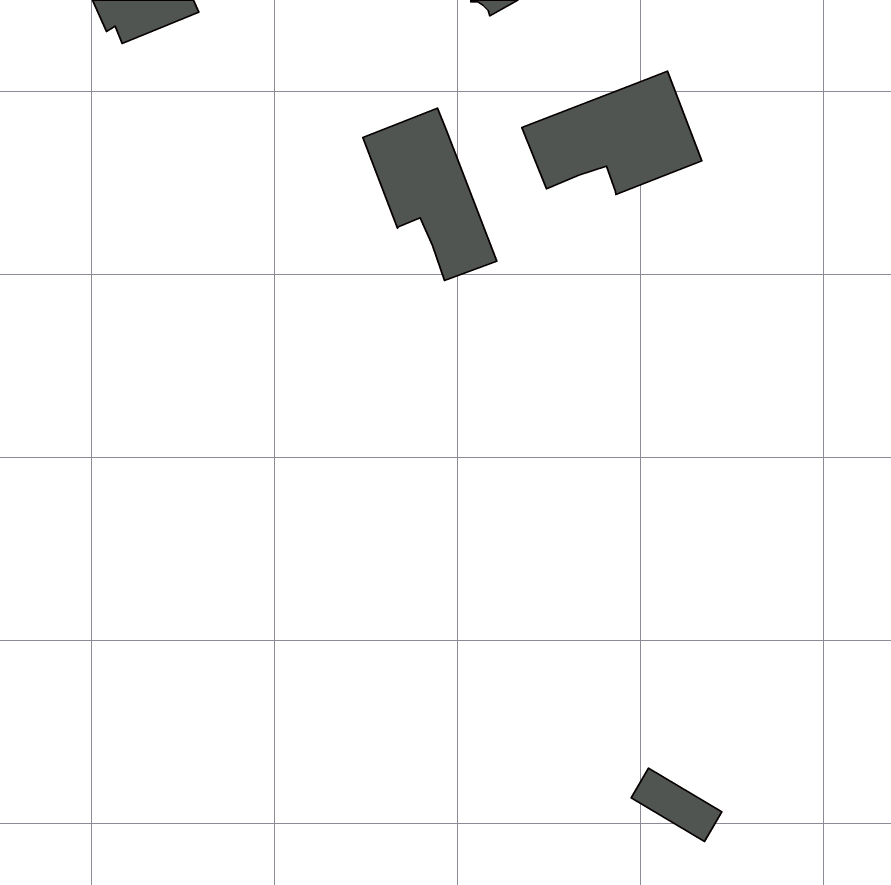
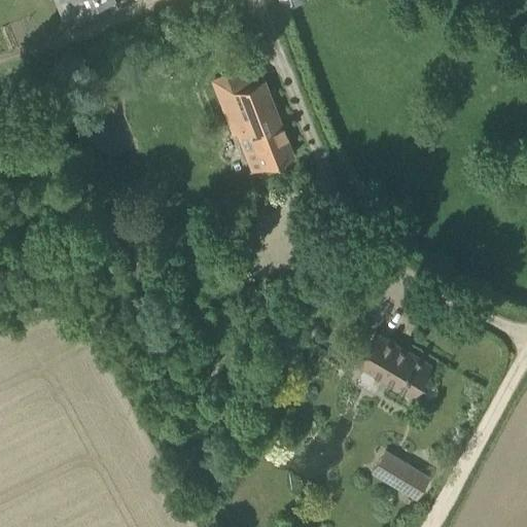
building: [522,71,702,194] -> none
building: none -> [356,333,431,398]

